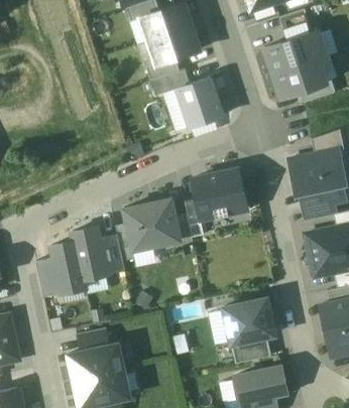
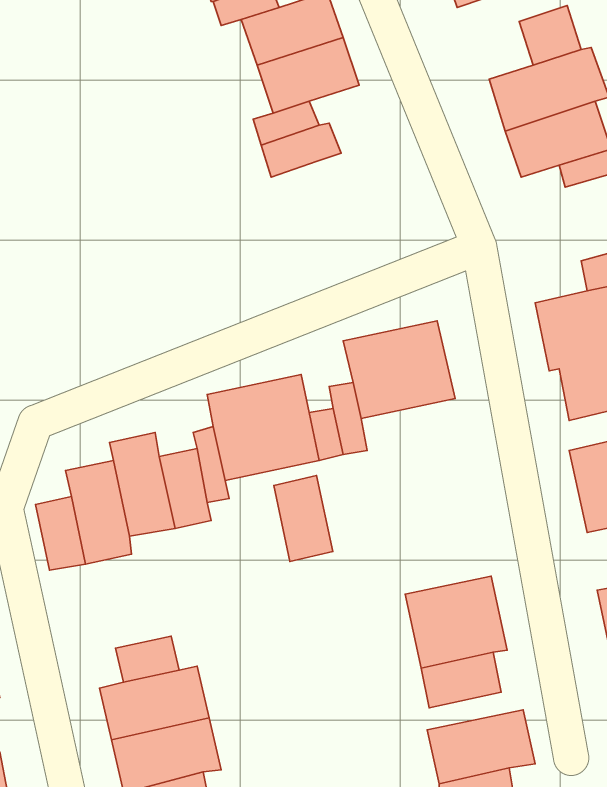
building: [179,79,222,126] -> none
building: none -> [274,475,333,562]

